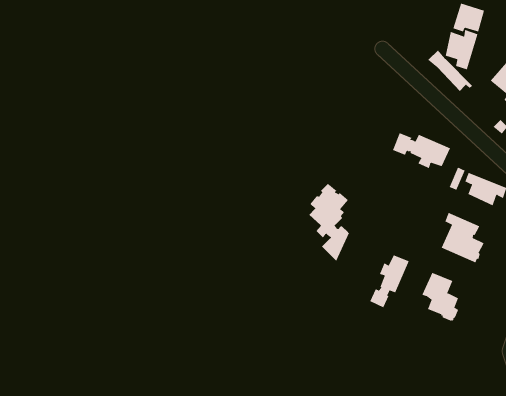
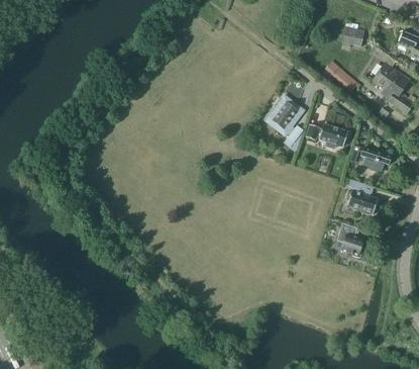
building: [445,29,478,70] -> none
building: [308,183,350,262] -> [272,95,303,152]
building: [369,255,410,308] -> none

